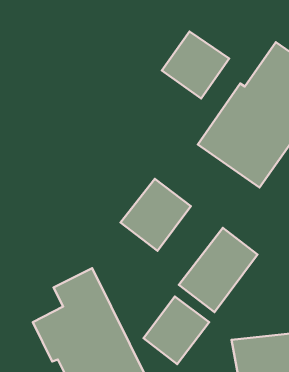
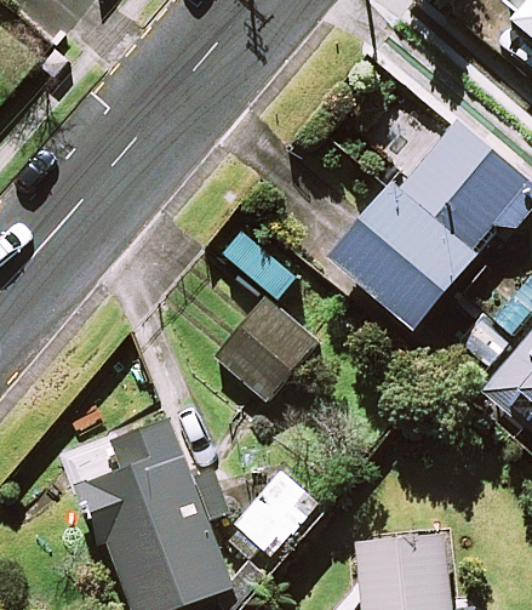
building: [162,32,229,99] -> none
building: [179,228,258,312] -> none

